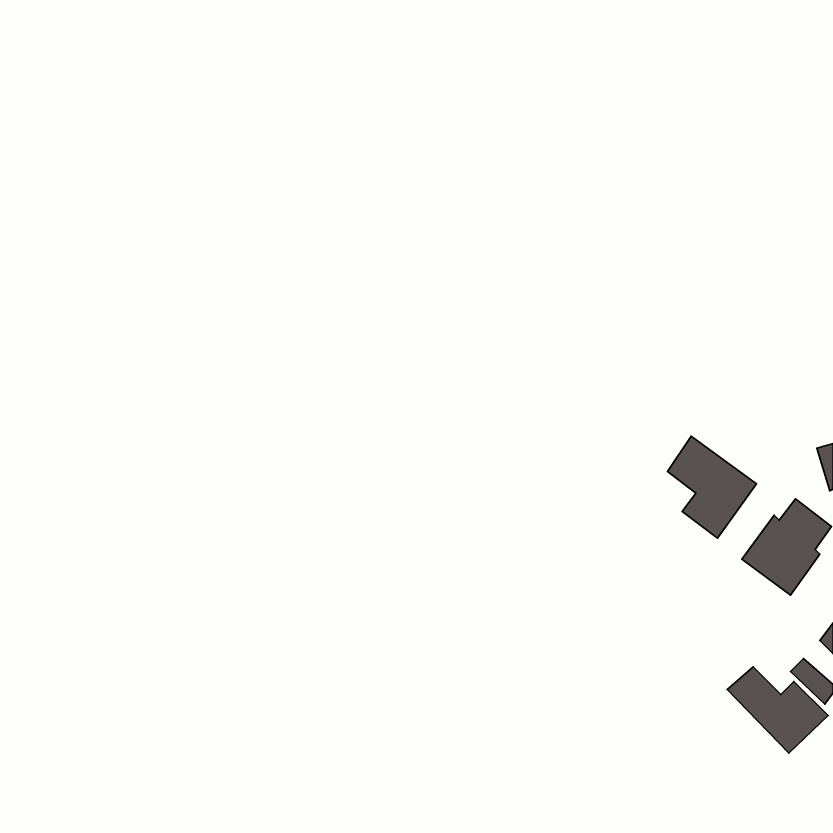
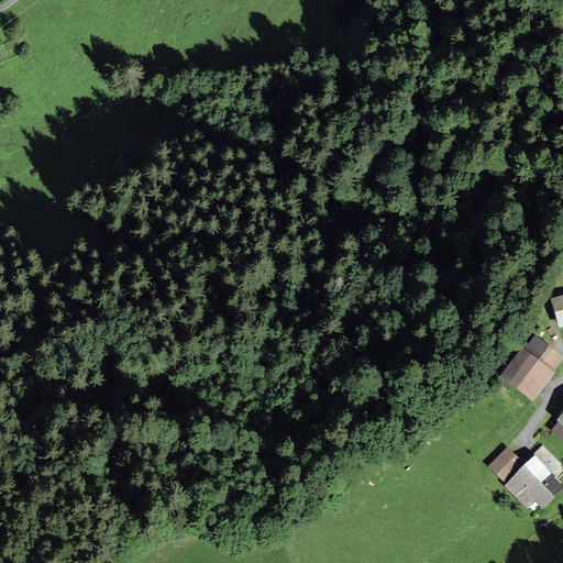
building: [667,436,757,538] -> none

